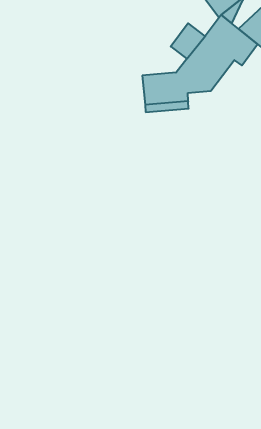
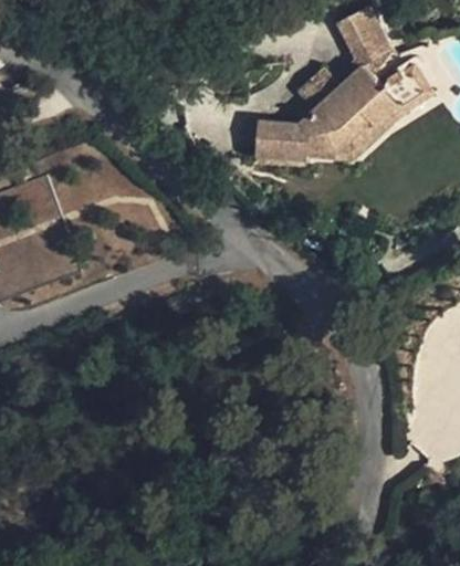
building: none -> [310,120,384,163]

